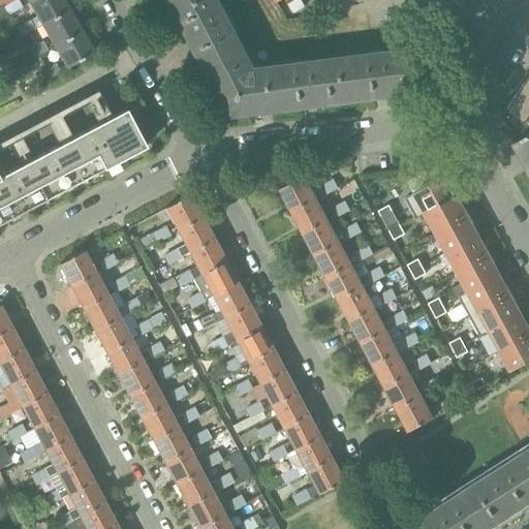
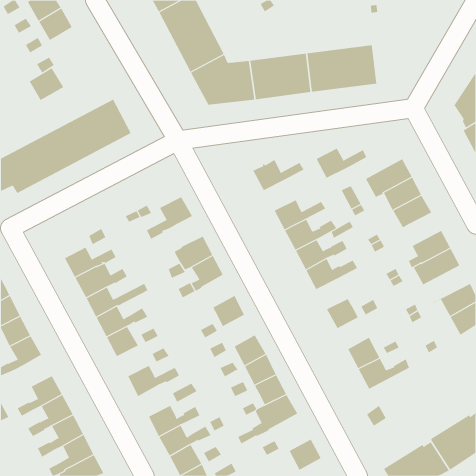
building: [55,30,94,67] -> [29,67,64,101]
building: [165,195,201,230] -> none
building: [292,199,349,234] -> [316,148,367,179]
building: [446,236,490,273] -> none
building: [175,240,225,287] -> none
building: [60,252,95,286] -> none
building: [469,294,522,336] -> none
building: [210,305,260,353] -> none
building: [350,309,409,343] -> none
building: [247,349,283,384] -> none
building: [374,352,432,387] -> none
building: [129,383,165,417] -> none
building: [6,394,58,441] -> none
building: [153,427,189,462] -> none
building: [306,459,342,494] -> [289,439,321,470]

